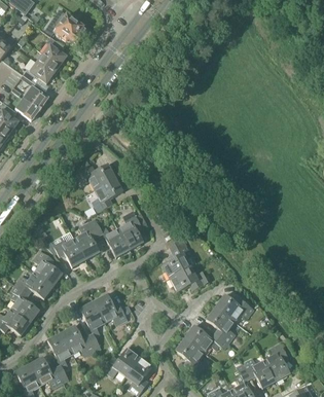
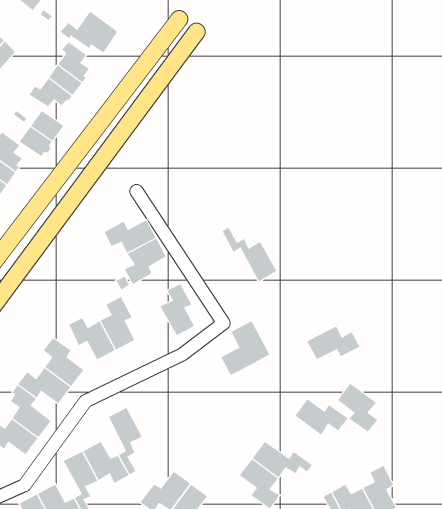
building: [89,217,130,257] -> [222,227,277,282]
building: [169,266,208,291] -> [306,326,361,360]
building: [94,293,131,324] -> none
building: [206,306,236,342] -> [337,383,378,433]

